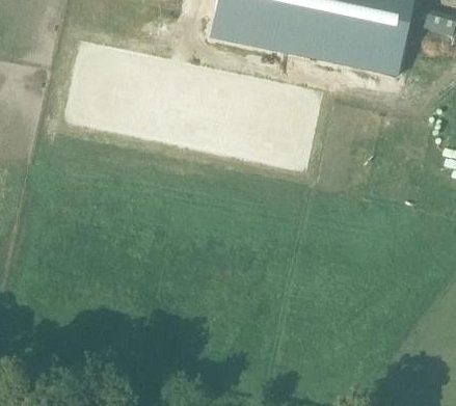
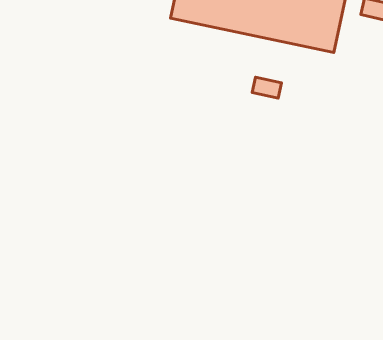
building: none -> [252,77,282,98]

